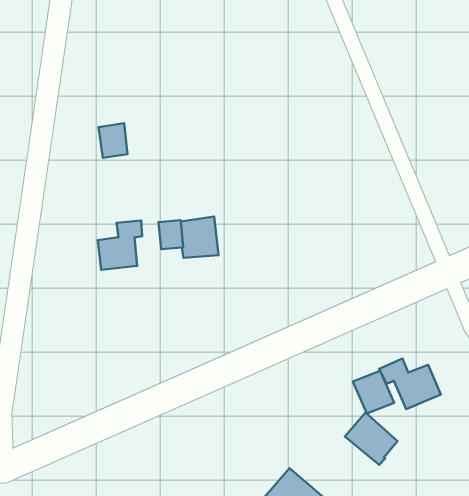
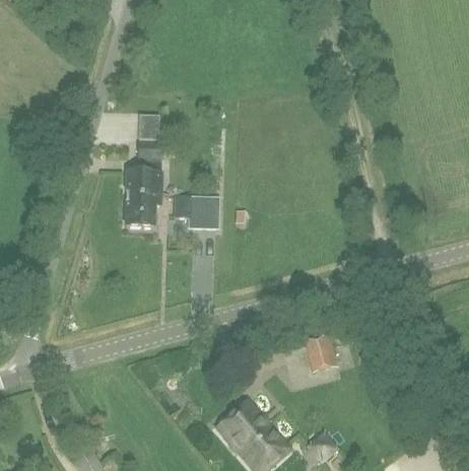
building: none -> [126,142,161,203]
building: [379,358,441,409] -> none
building: [345,412,397,465] -> none

